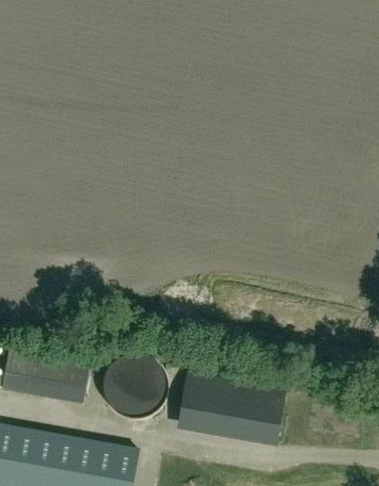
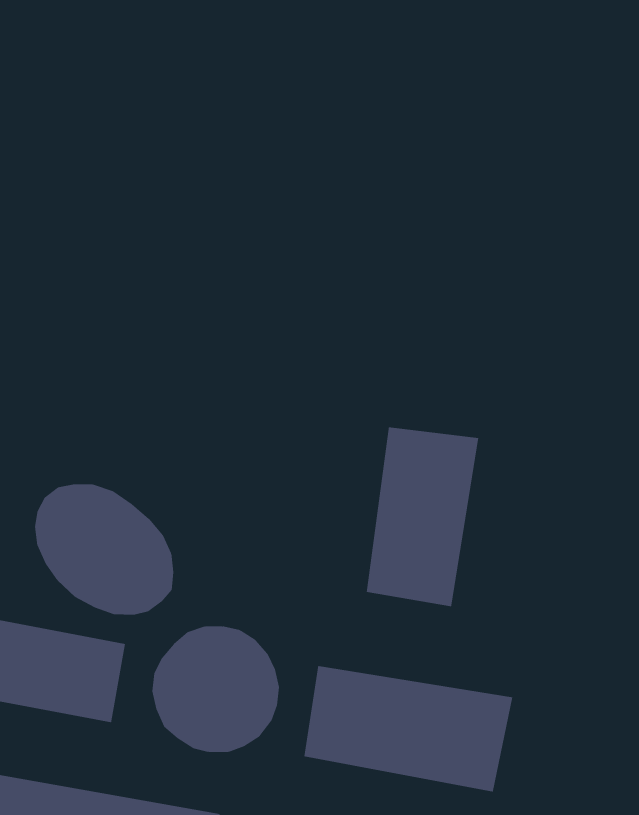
building: none -> [366,427,479,607]
building: none -> [35,483,174,616]

